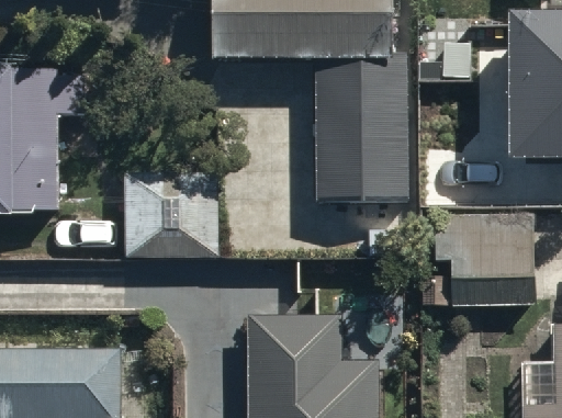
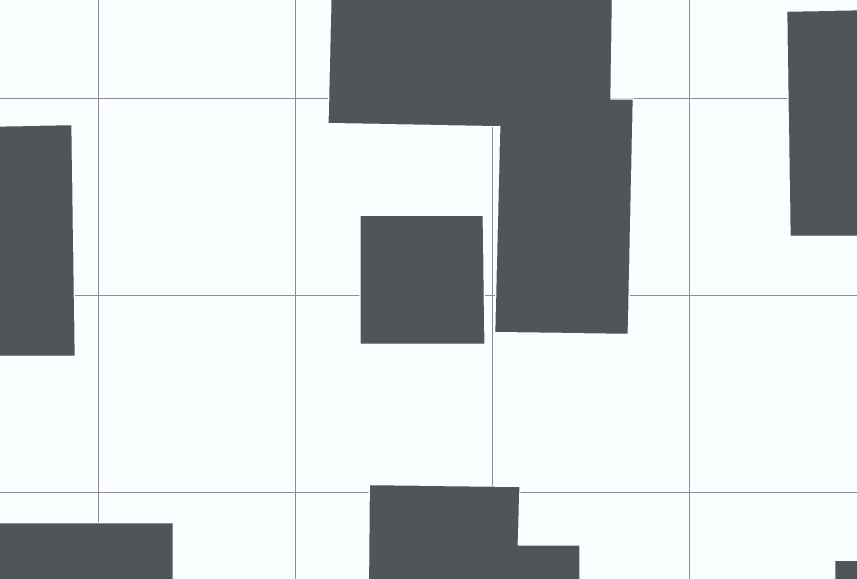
building: [131,184,211,267] -> [360,215,485,344]
building: [413,208,537,305] -> none

